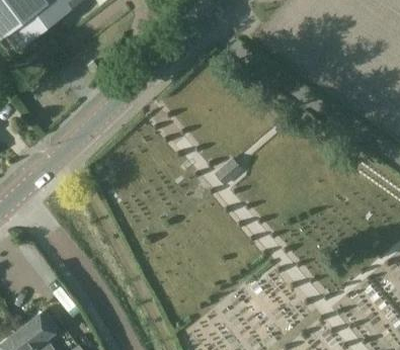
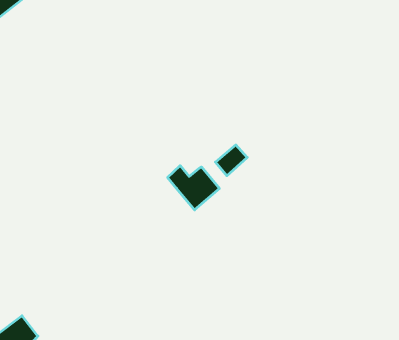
building: none -> [168,166,219,210]

